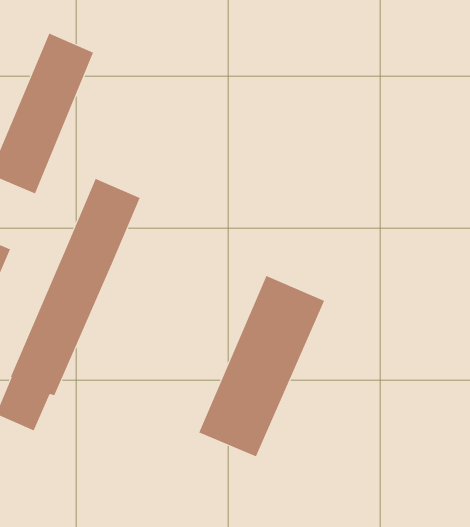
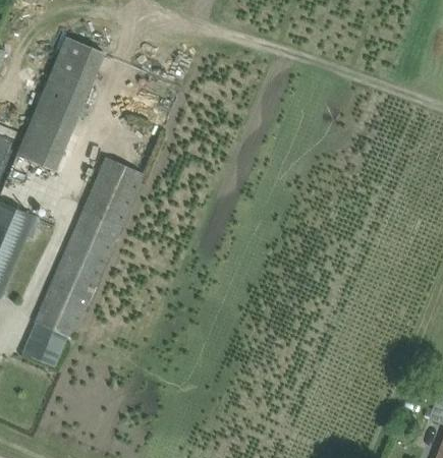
building: [199,275,325,457] -> none

